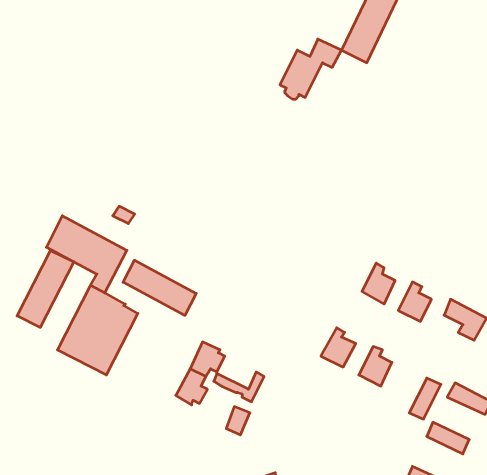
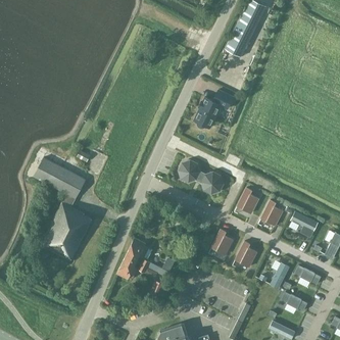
building: [280,39,341,99] -> [194,90,234,129]
building: none -> [179,159,224,193]
building: [17,250,74,327] -> none
building: [123,260,196,315] -> none

